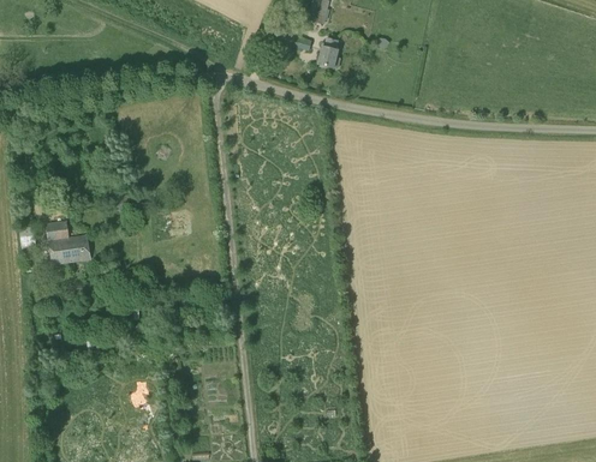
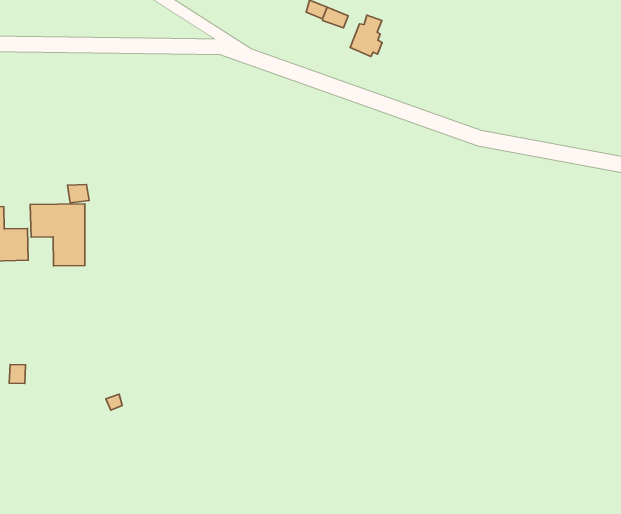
building: none -> [30,204,85,266]

